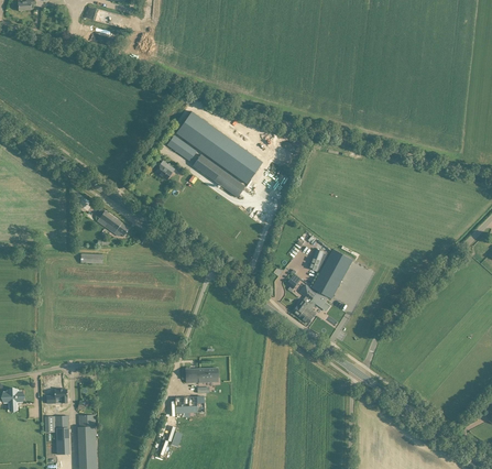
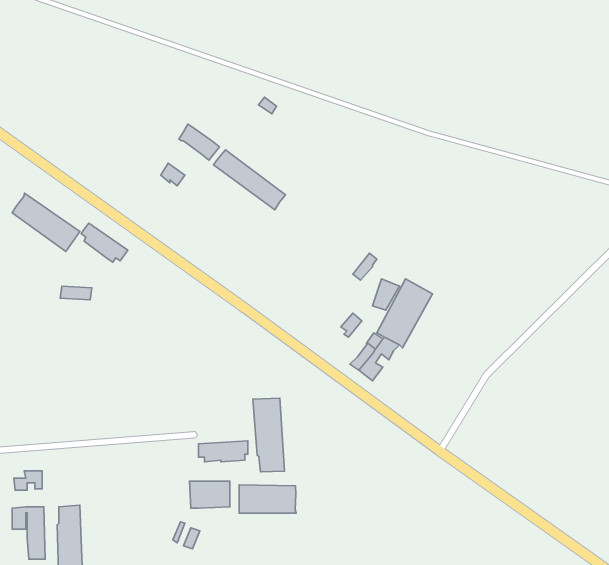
building: [175,110,262,183] -> none
building: none -> [12,193,80,251]
building: none -> [253,398,284,472]
building: none -> [239,485,296,513]

